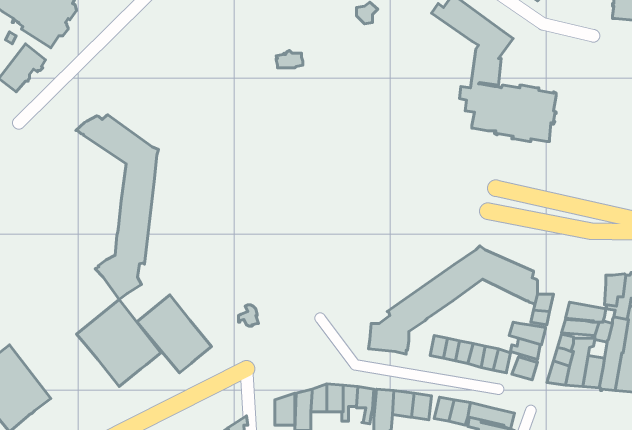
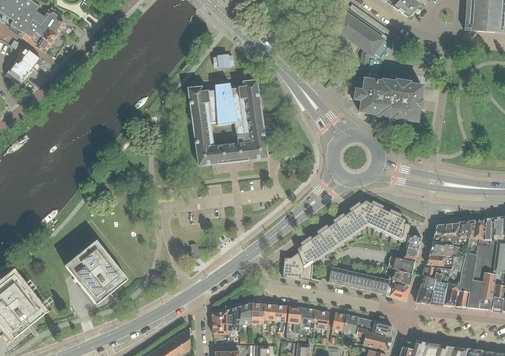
building: none -> [188,79,267,167]
building: [76,115,159,299] -> none
building: none -> [433,222,459,243]
building: [137,295,212,373] -> none

